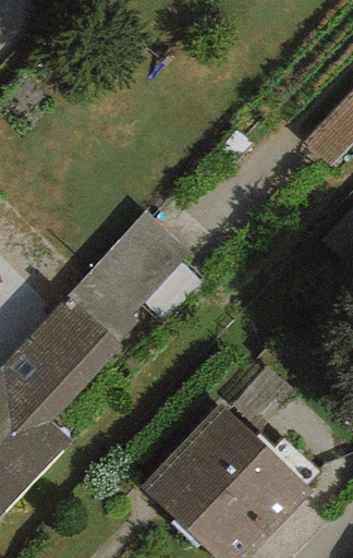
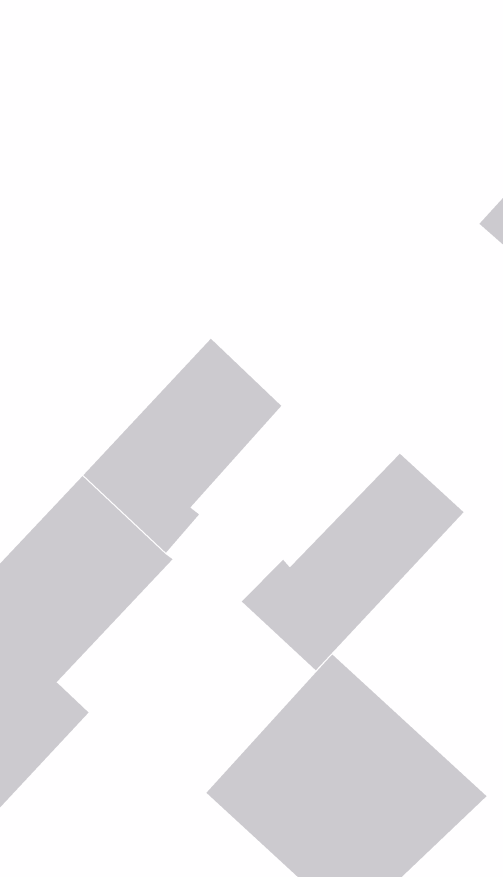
building: none -> [241,453,465,671]

